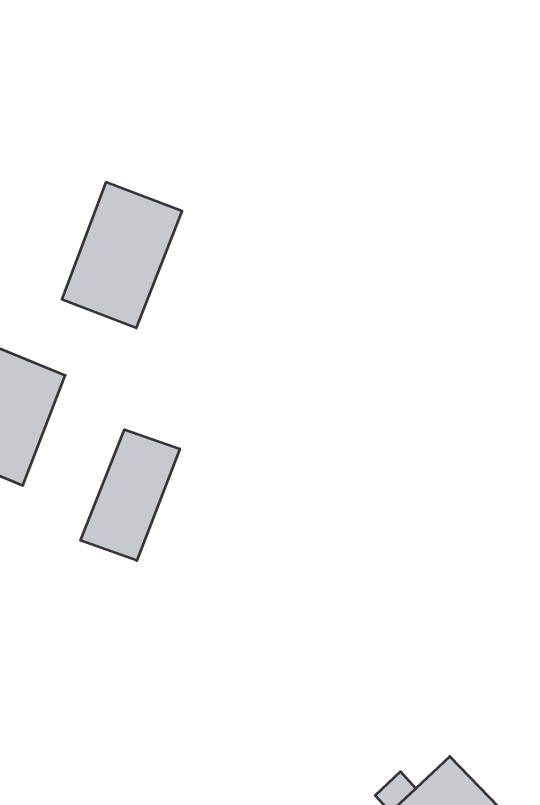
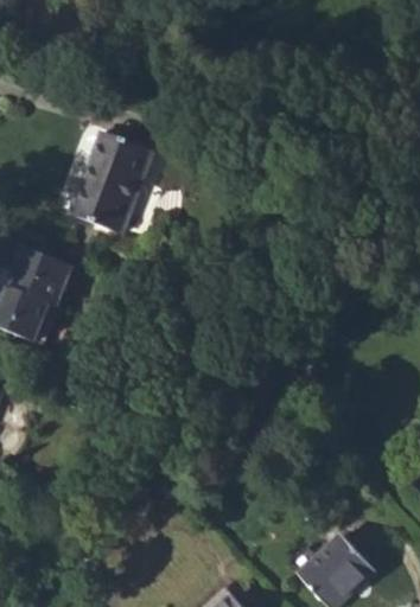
building: [81,430,180,561] -> none

